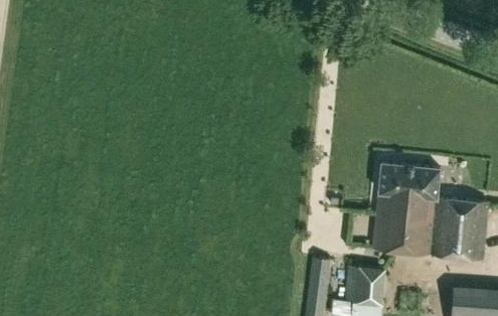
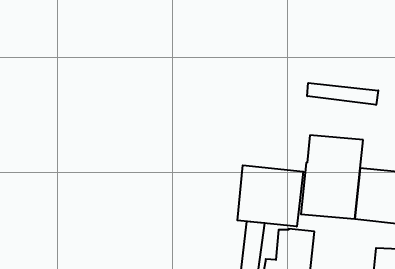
building: none -> [307,83,378,105]
building: none -> [237,165,303,227]

